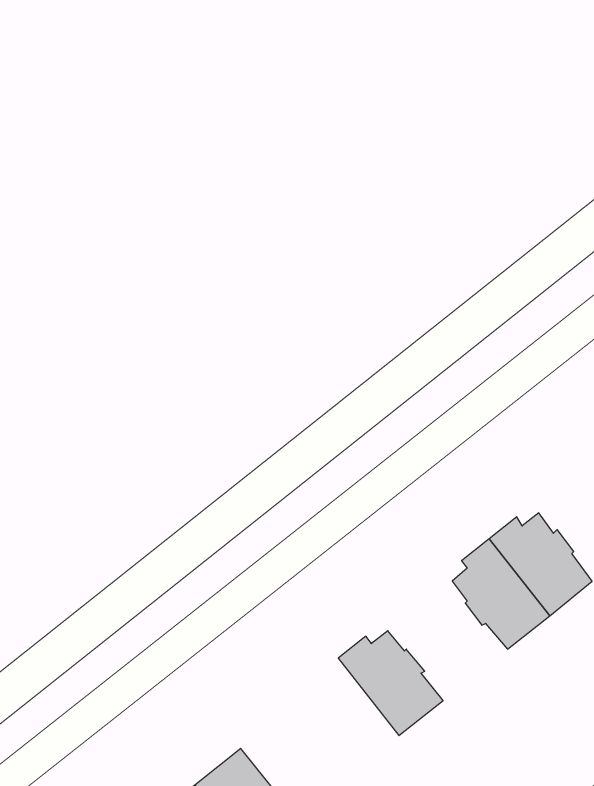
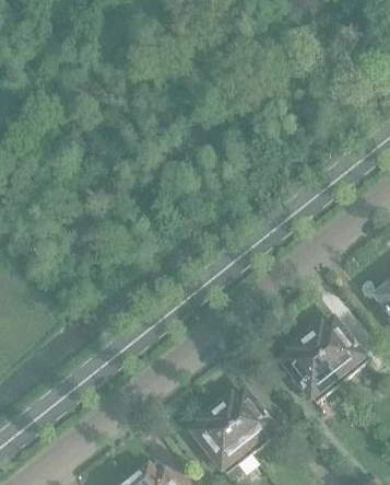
building: none -> [192,405,250,471]

